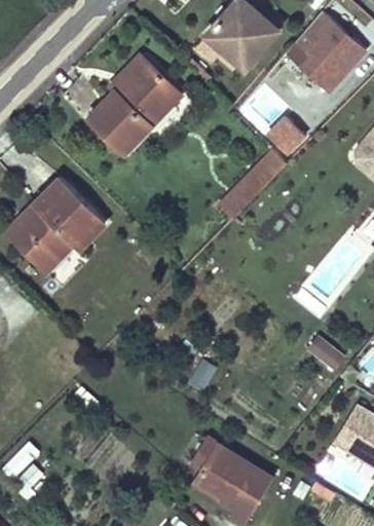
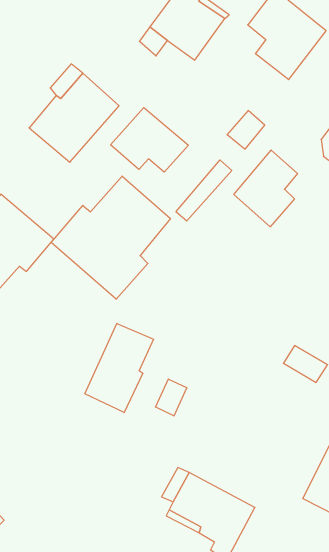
building: none -> [111,108,188,172]
building: none -> [234,150,297,227]
building: none -> [51,176,170,299]
building: none -> [85,323,153,413]

